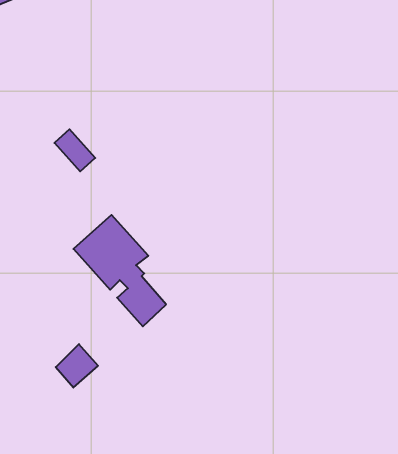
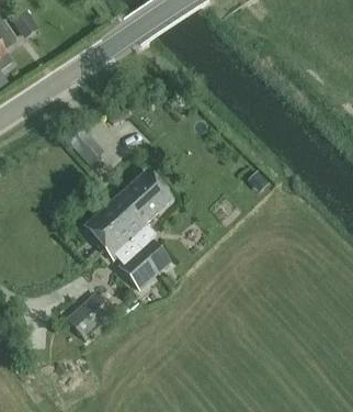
building: none -> [115,169,172,270]

